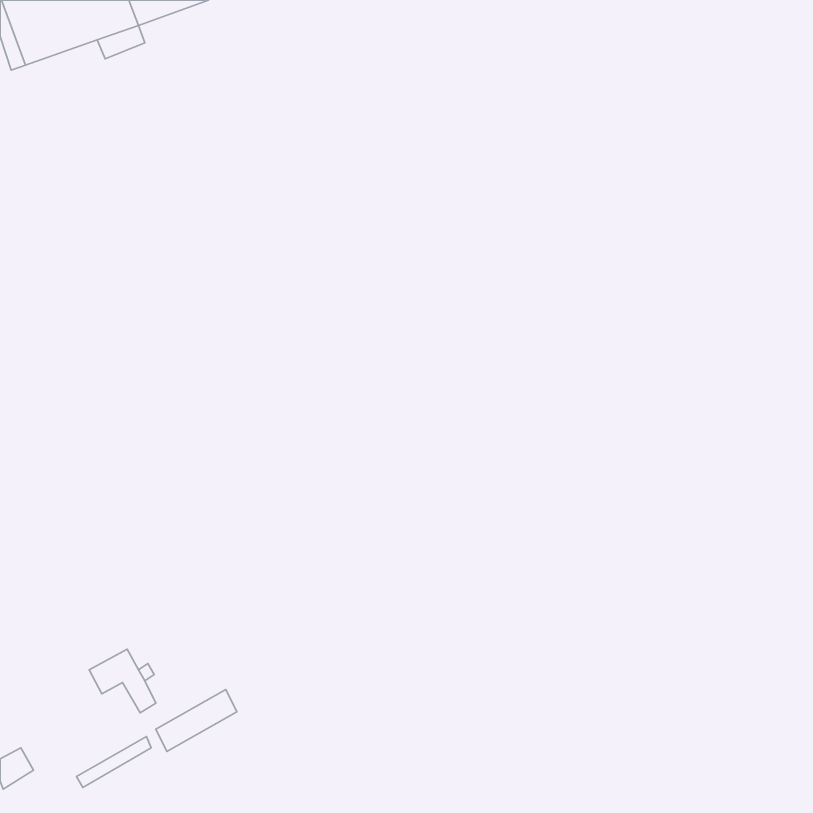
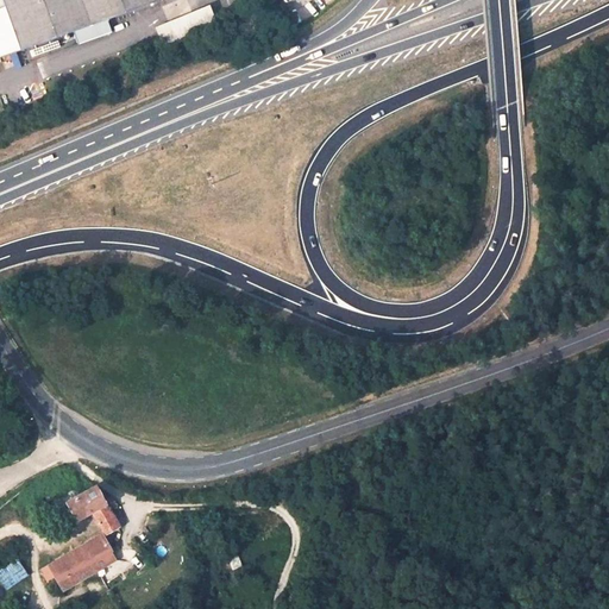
building: [156,689,237,751] -> [49,534,109,580]

